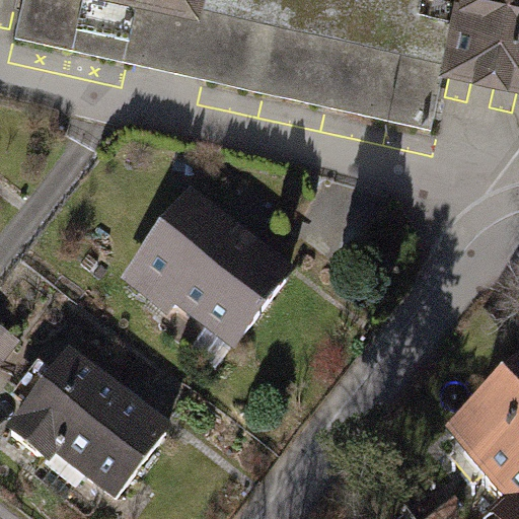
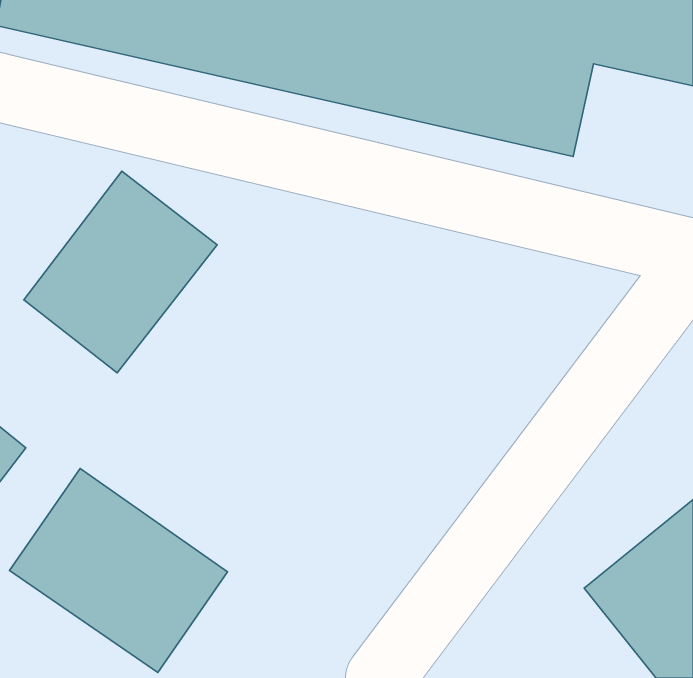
building: none -> [24,171,217,373]
building: [128,194,293,352] -> none

